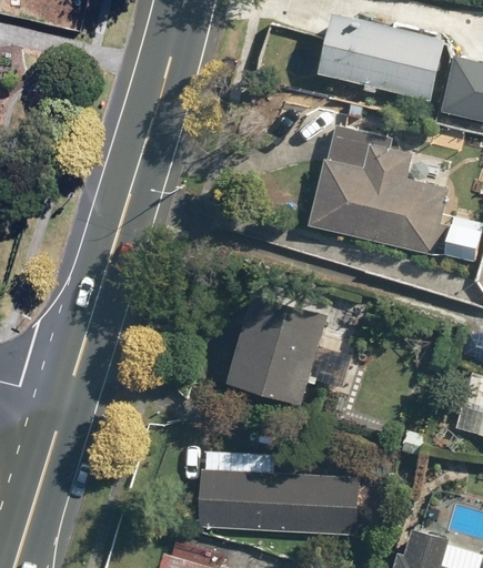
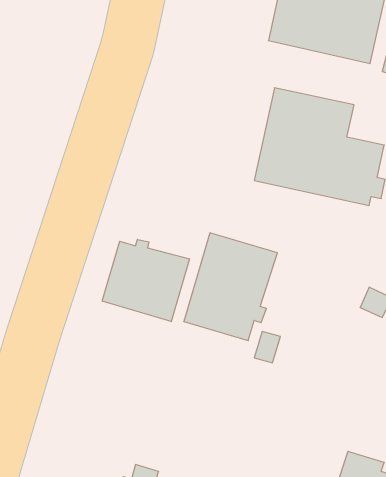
building: none -> [102,239,190,322]
building: [199,473,358,536] -> none

